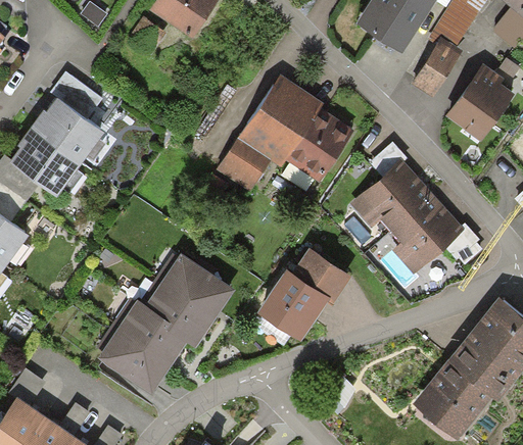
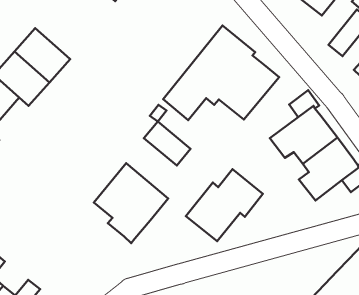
building: [54,80,102,123] -> none
building: none -> [144,122,191,166]
building: [97,298,186,392] -> none

